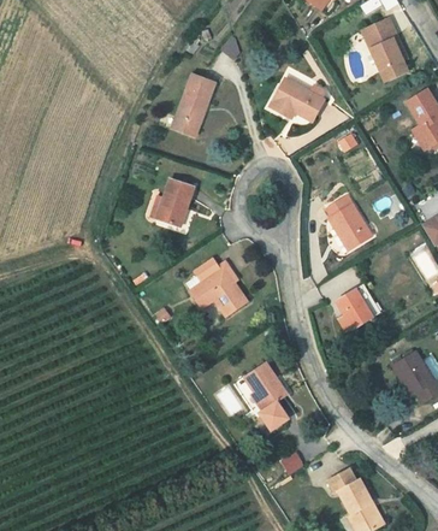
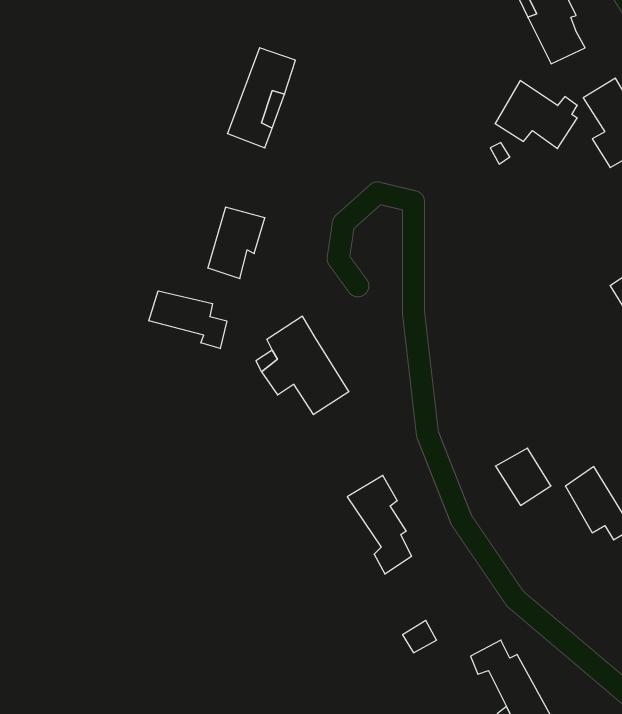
building: [266,72,321,118] -> [495,81,577,149]
building: [327,191,371,243] -> none
building: none -> [149,291,227,349]
building: [337,287,374,325] -> [495,448,551,505]

